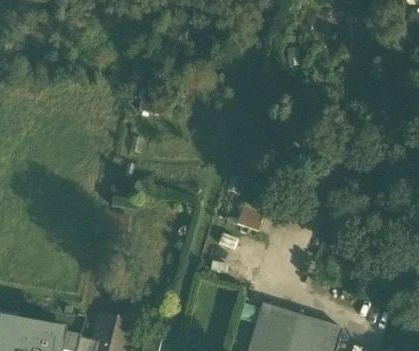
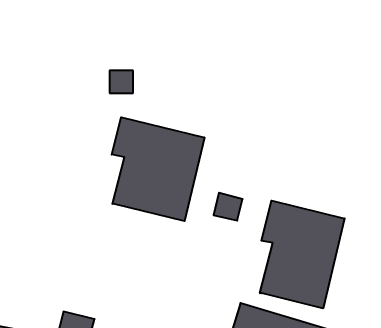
building: none -> [112,117,204,221]
building: none -> [260,201,345,308]

